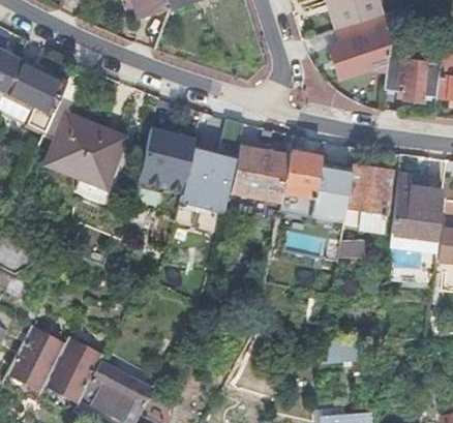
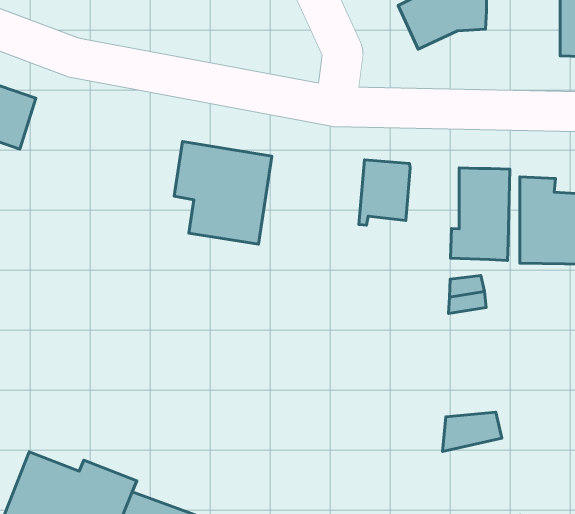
building: [384,59,426,103] -> none
building: [47,116,122,186] -> none
building: [228,146,290,202] -> none
building: [314,161,352,203] -> none

